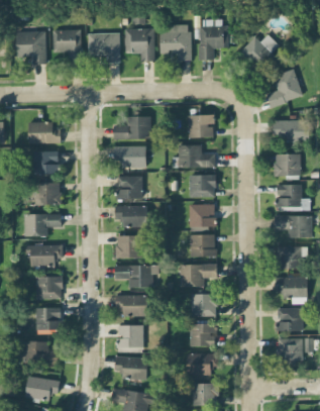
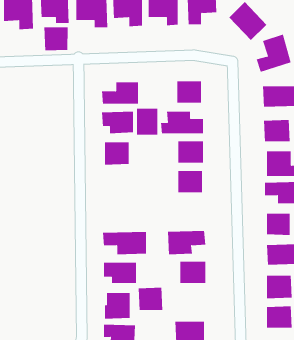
building: none -> [44,26,68,51]
building: [28,122,60,143] -> none
building: none -> [136,108,158,135]
building: [33,150,58,174] -> none
building: [35,183,60,204] -> none
building: [114,205,146,226] -> none
building: [24,213,61,236] -> none
building: [190,234,215,256] -> none
building: [115,235,142,259] -> none
building: [25,243,63,267] -> none
building: [35,276,62,298] -> none
building: [35,307,60,332] -> none
building: [189,323,214,346] -> [138,287,163,310]
building: [24,340,58,364] -> none

